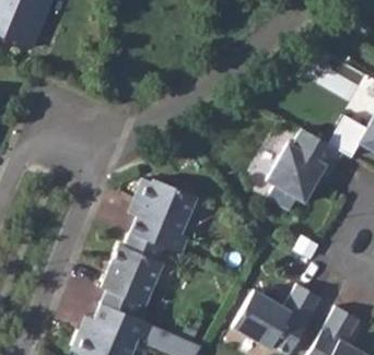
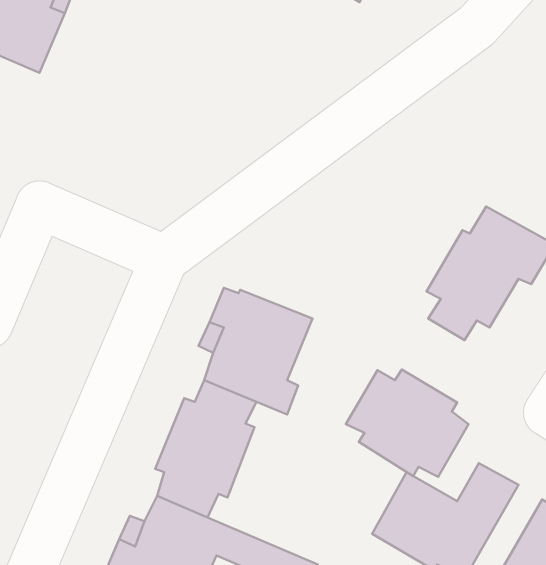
building: none -> [346,370,468,477]

